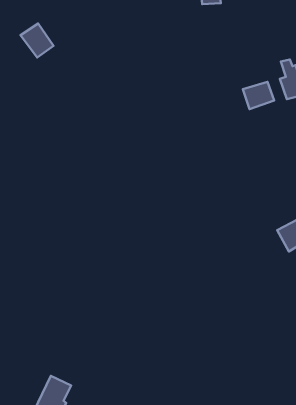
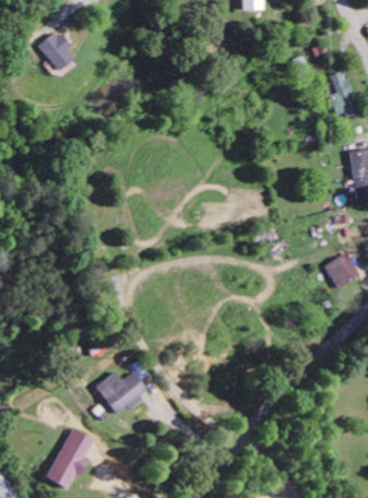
building: [243,82,274,109] -> none
building: none -> [95,371,149,414]

